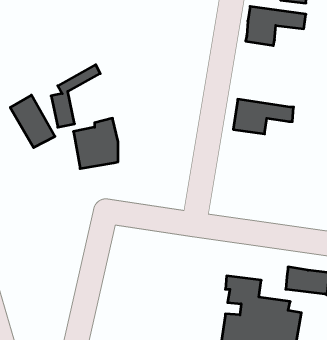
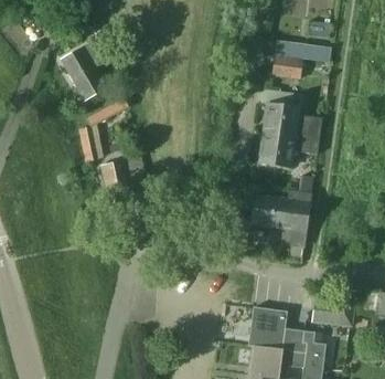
building: none -> [264,104,322,140]
building: [10,95,55,148] -> [61,48,105,99]
building: none -> [250,176,313,262]

